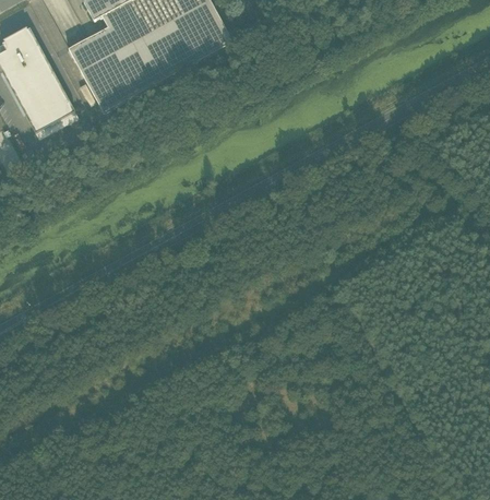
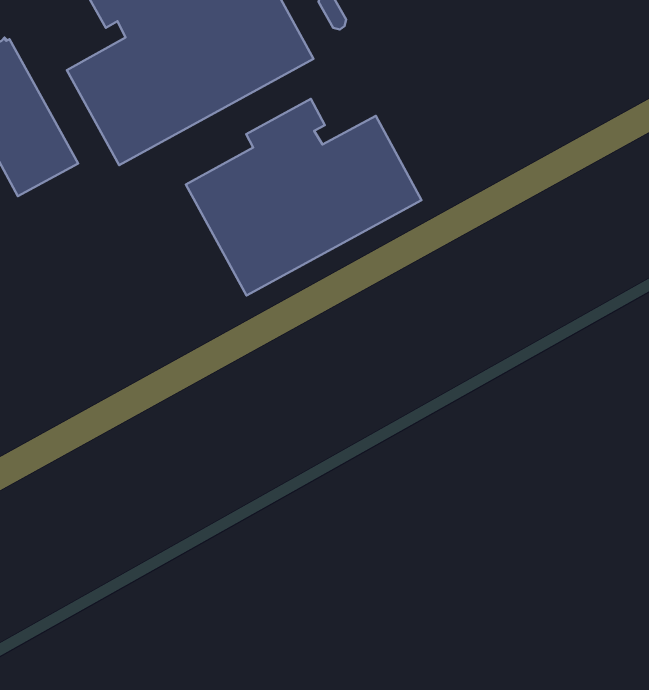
building: none -> [186,99,421,296]

